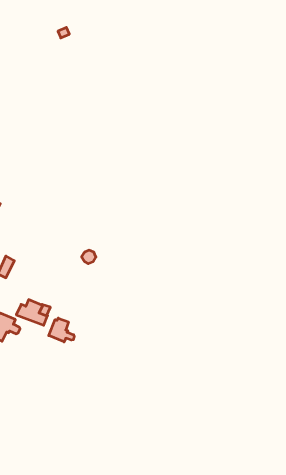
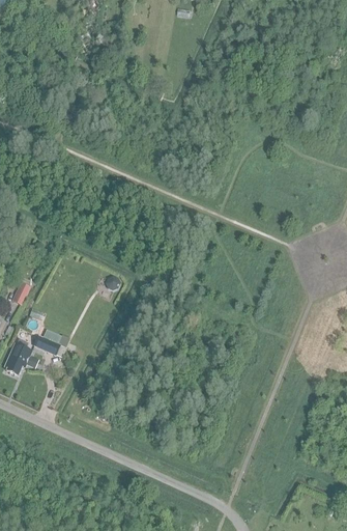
building: [49,318,74,342] -> none

